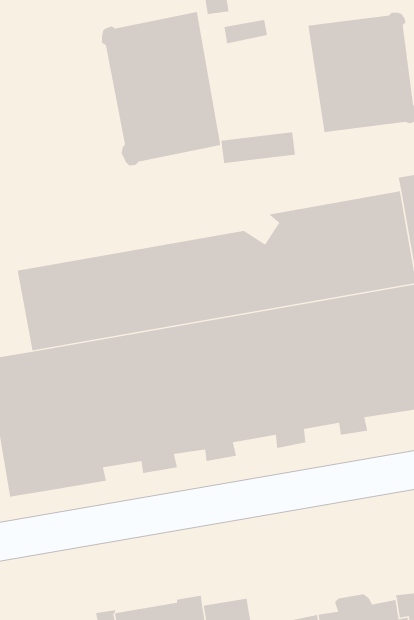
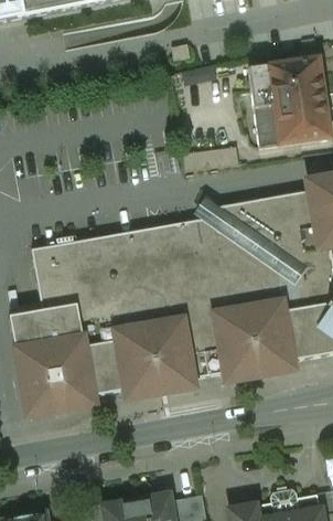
building: [101,11,221,166] -> none

